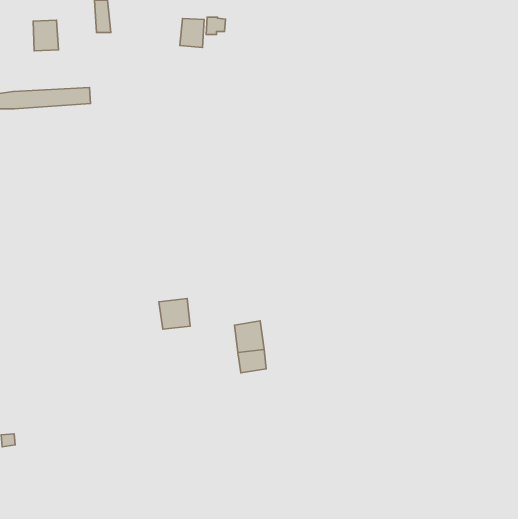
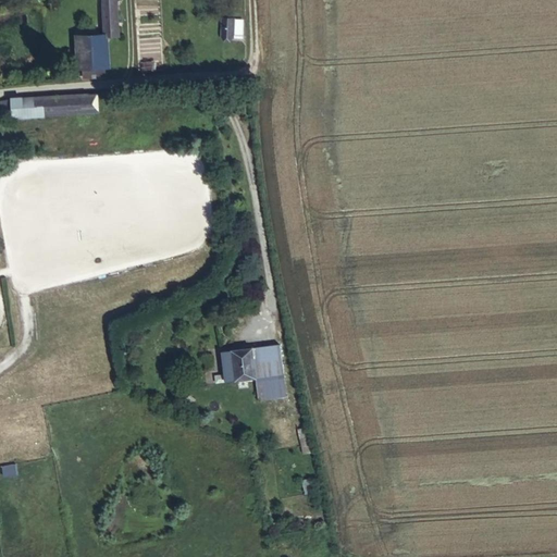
building: [180,19,204,47] -> none
building: [33,20,58,51] -> [78,35,106,67]
building: [159,299,190,329] -> [221,348,255,381]

